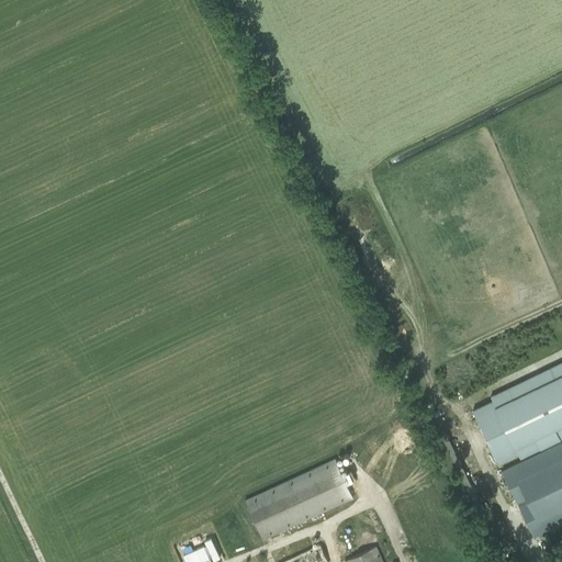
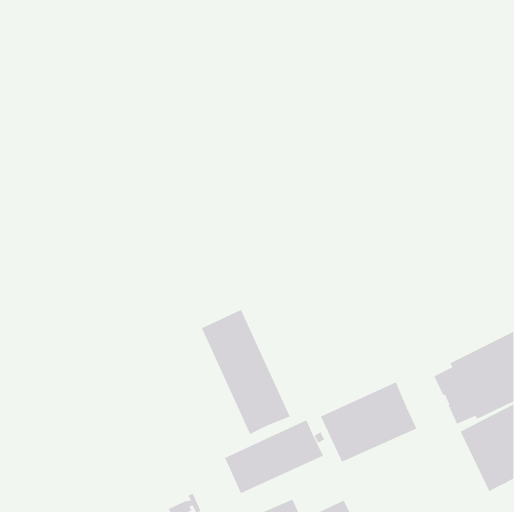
building: none -> [201,309,290,435]
building: none -> [320,382,417,463]

